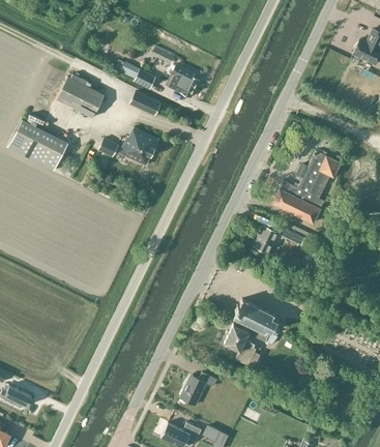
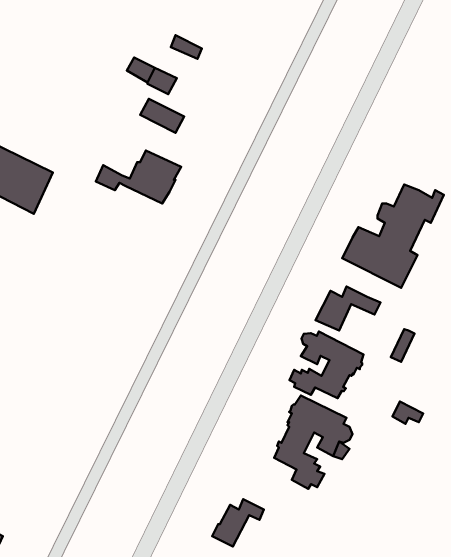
building: [173,64,200,97] -> none
building: [57,73,105,117] -> none
building: none -> [289,332,364,398]

